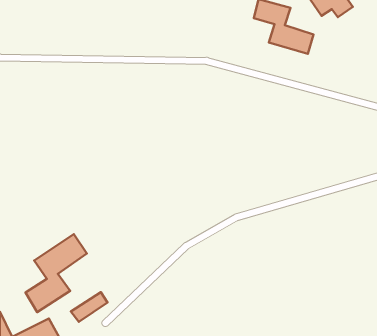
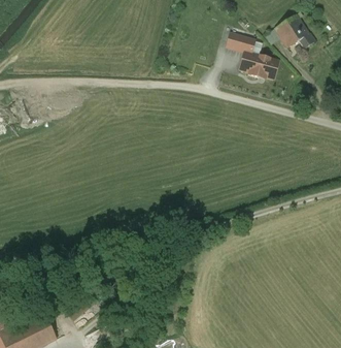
building: [26,234,87,312] -> none

